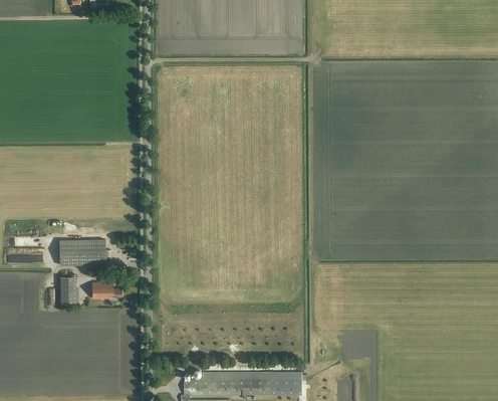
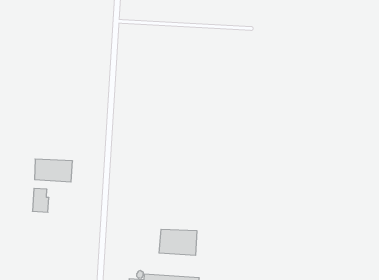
building: [92,282,121,298] -> none
building: none -> [159,229,197,255]

